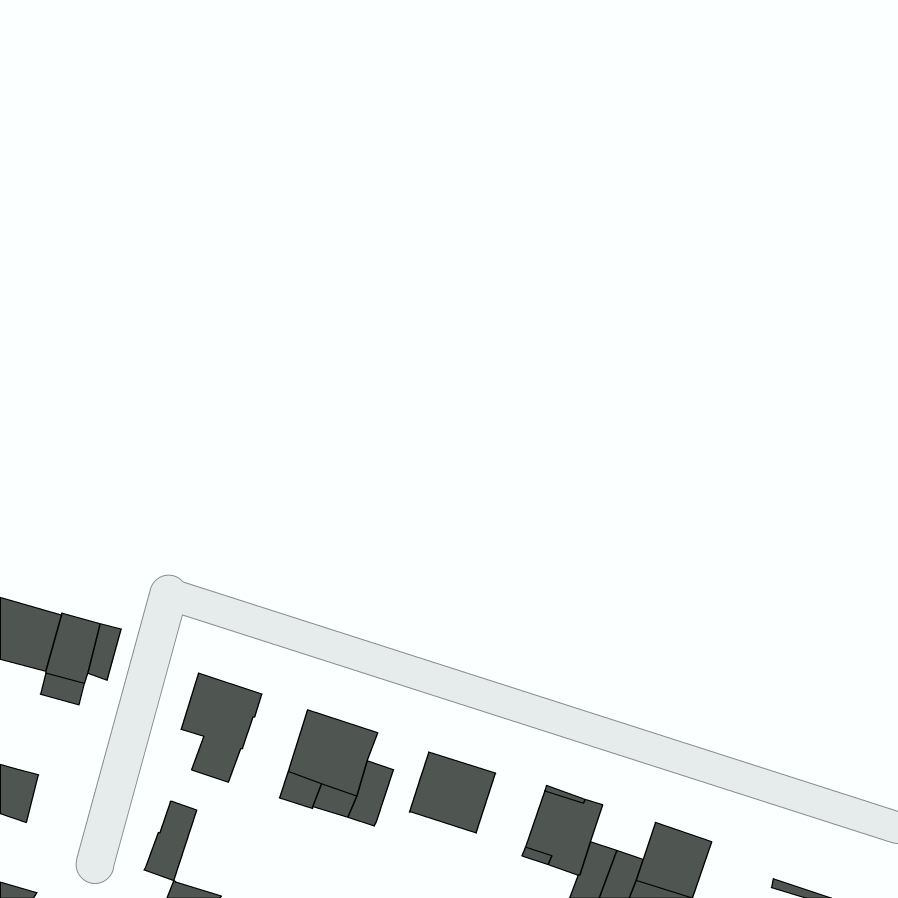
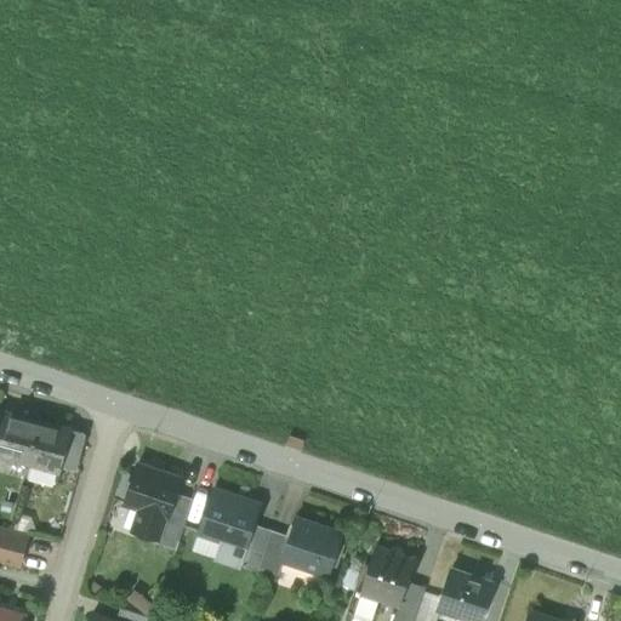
building: none -> [260,531,290,574]
building: [144,801,197,880] -> [156,495,193,549]

